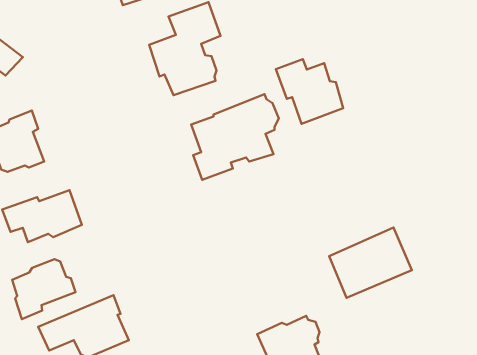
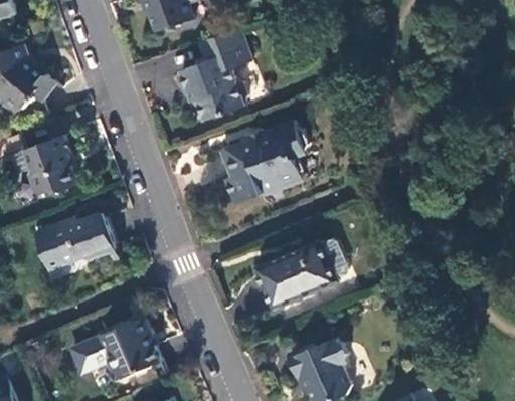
building: [276,59,343,124] -> none
building: [329,227,412,298] -> [255,239,337,309]
building: [12,259,76,319] -> none

